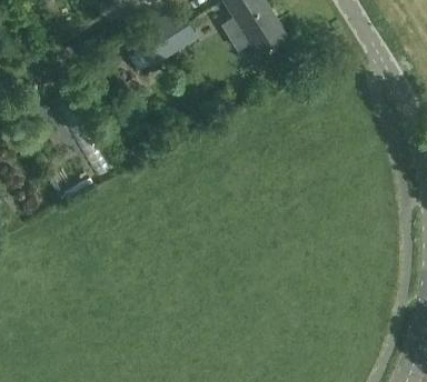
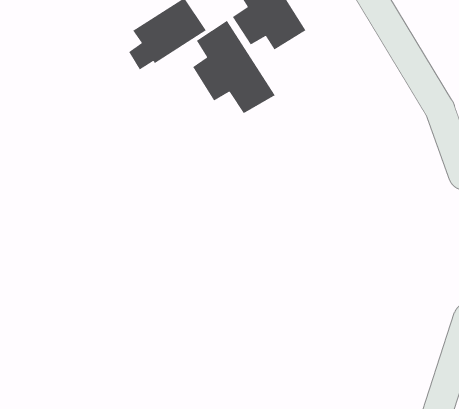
building: none -> [192,20,276,114]

